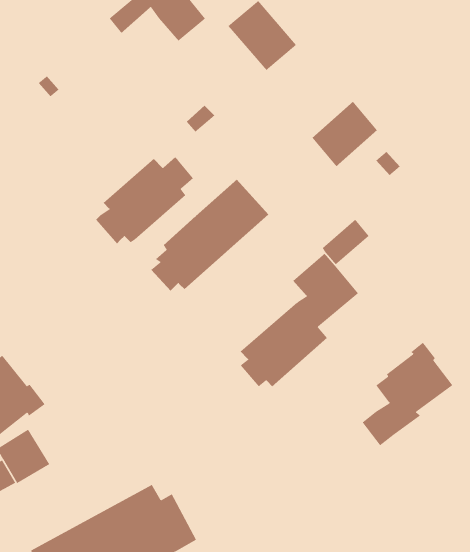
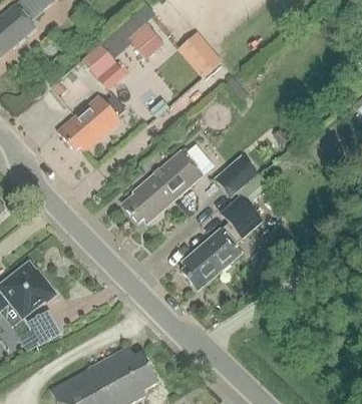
building: none -> [80,43,124,89]
building: [311,101,378,167] -> [214,154,257,197]
building: [95,157,194,245] -> [60,95,124,152]
building: [362,342,453,446] -> none

